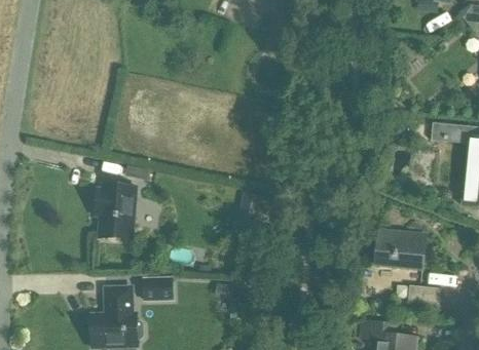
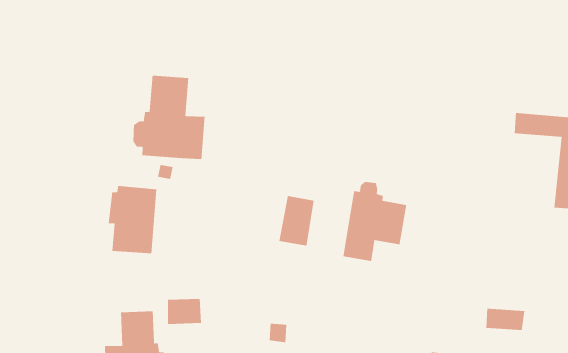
building: none -> [133,75,205,160]
building: none -> [343,181,407,262]
building: [376,231,426,270] -> none

